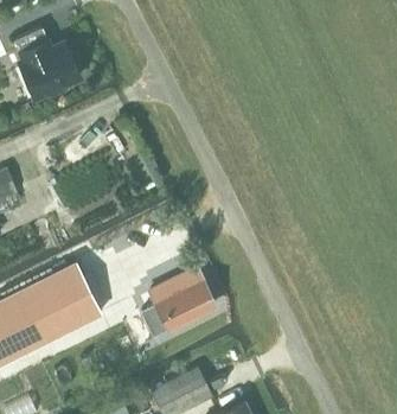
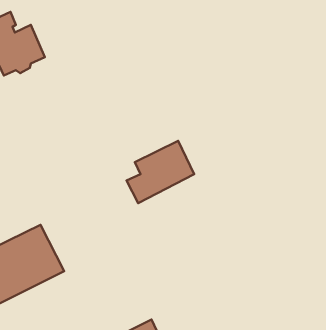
building: [141,268,216,337] -> [126,141,194,203]

